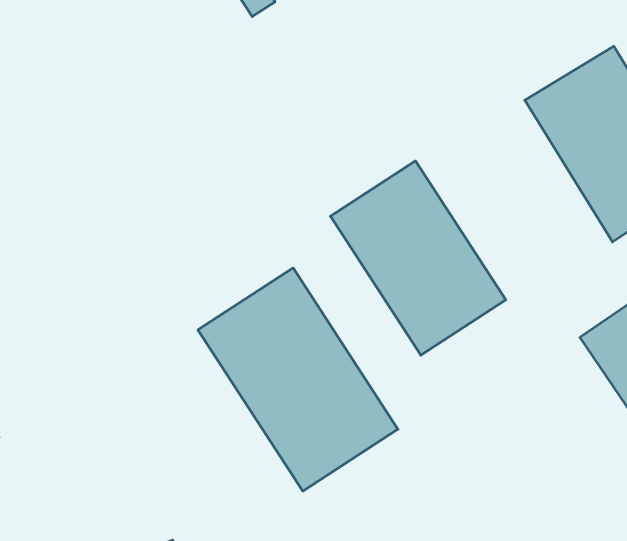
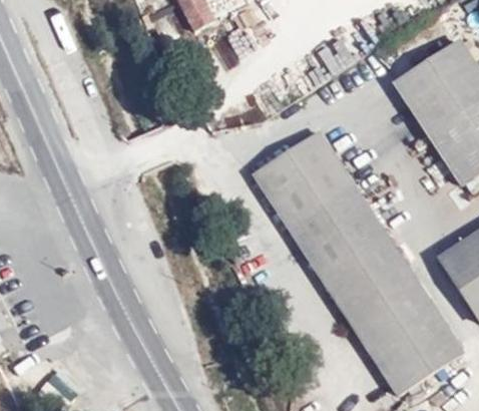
building: [198,268,398,491] -> none
building: none -> [319,232,459,393]

